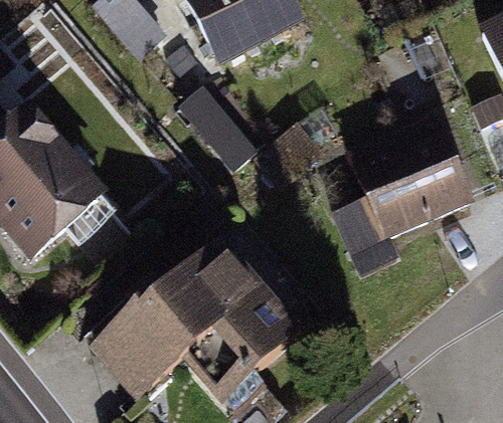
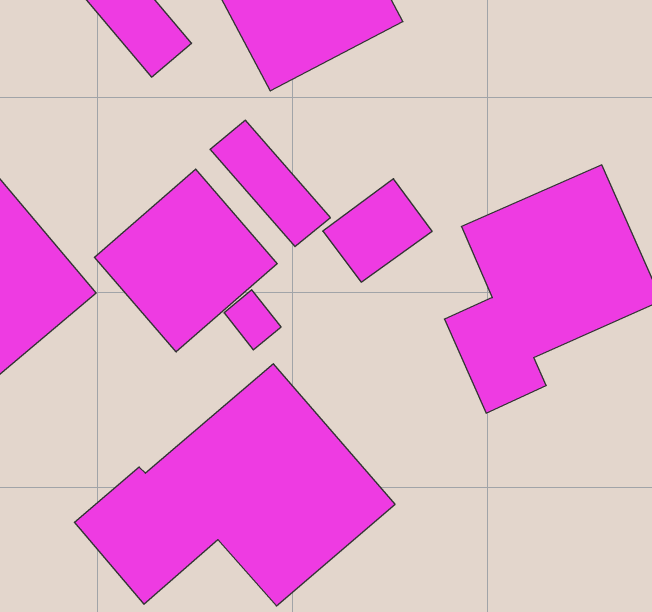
building: none -> [94,169,277,352]

